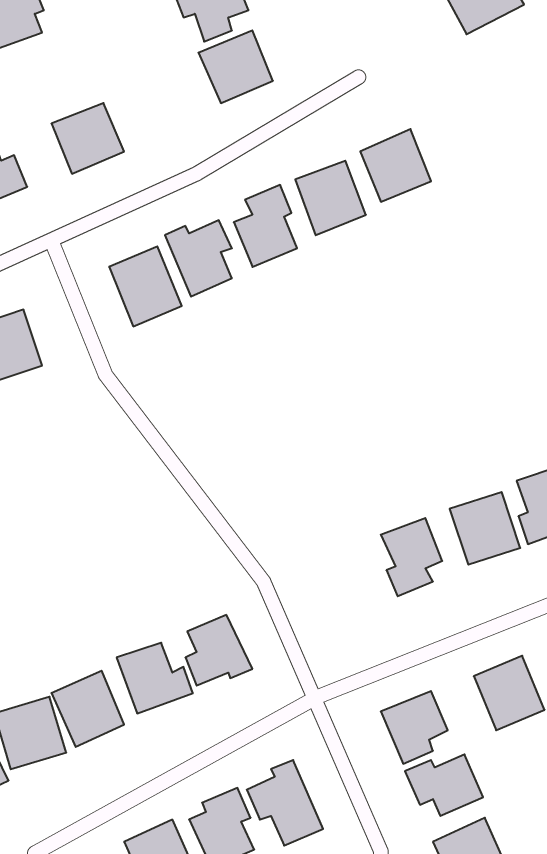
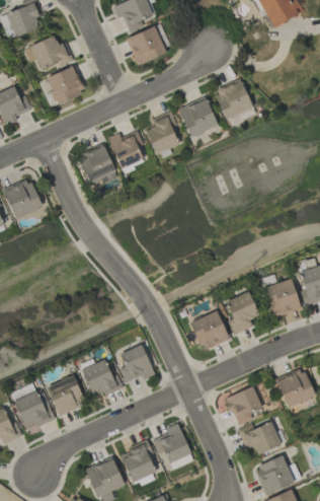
building: none -> [24,37,72,71]
building: none -> [191,312,227,350]

